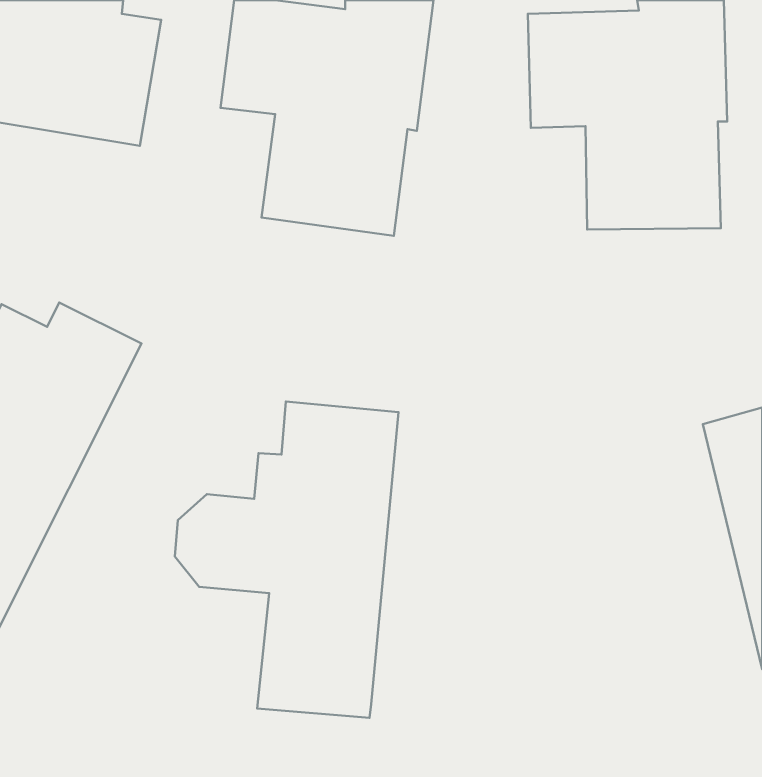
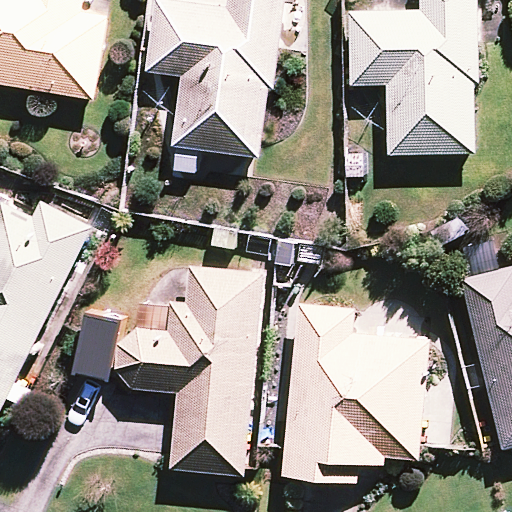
building: none -> [281,301,429,482]

